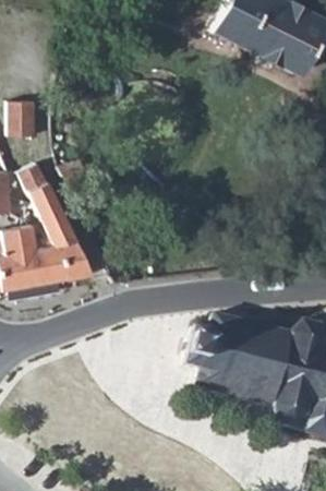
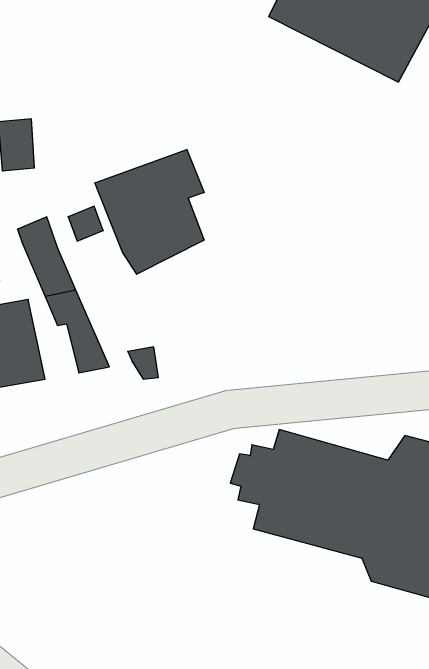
building: none -> [95,149,204,274]
building: [32,221,68,280] -> none

